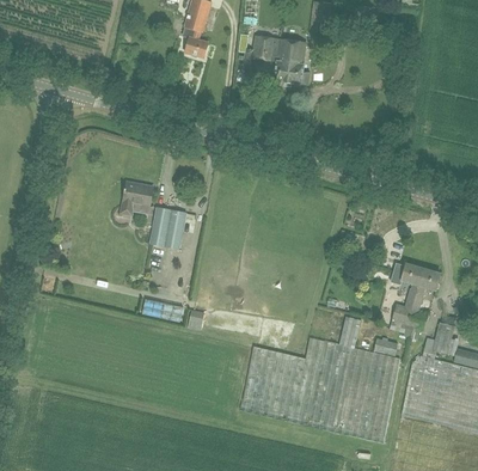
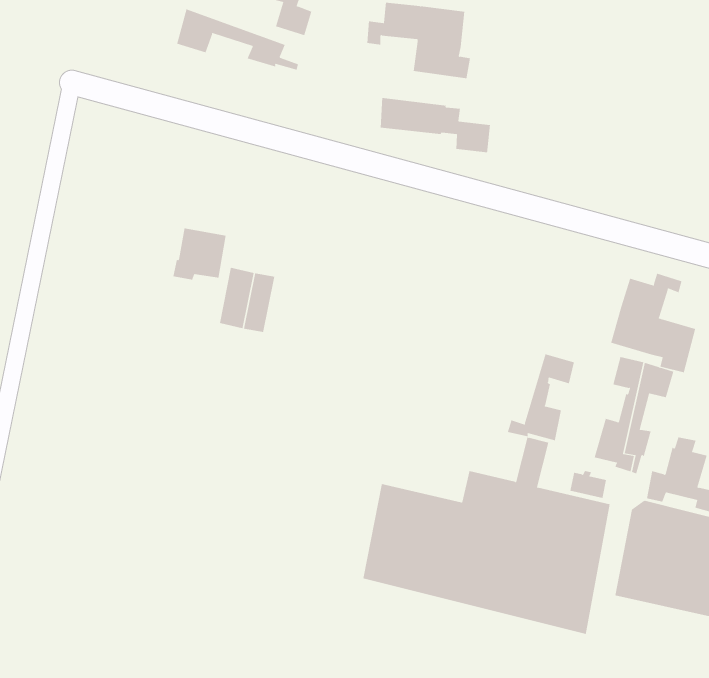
building: none -> [177,9,298,70]
building: none -> [380,97,490,153]
building: none -> [610,273,696,373]
building: none -> [507,354,574,441]

